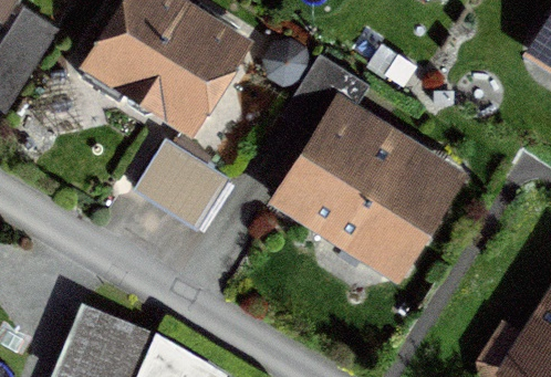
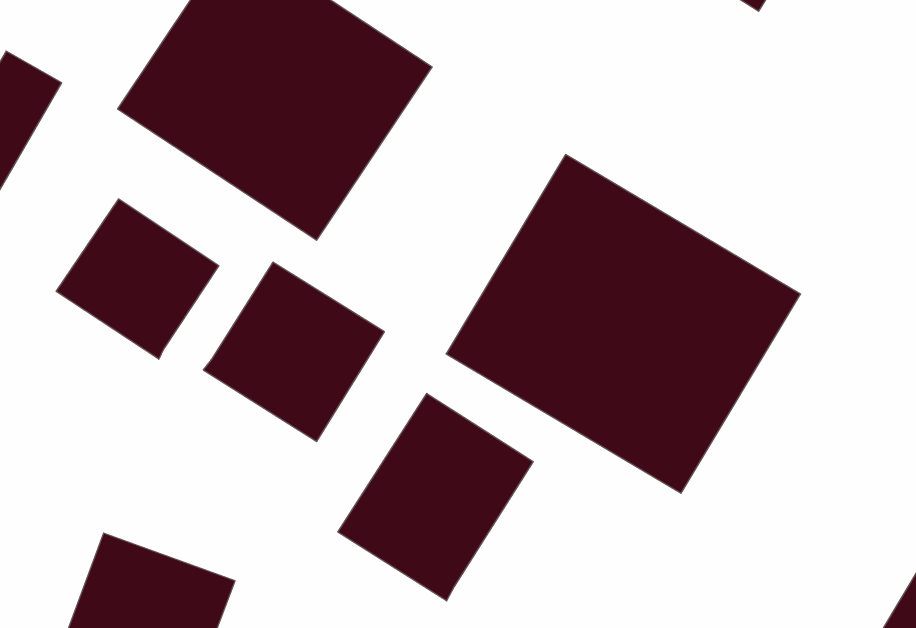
building: none -> [56,199,219,359]
building: none -> [338,393,533,601]

